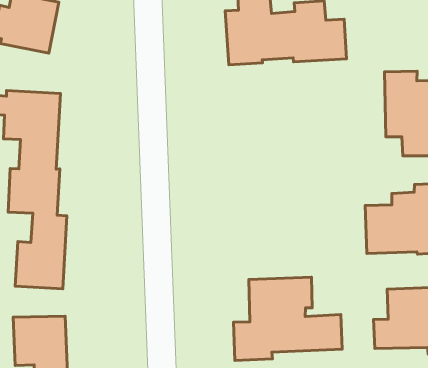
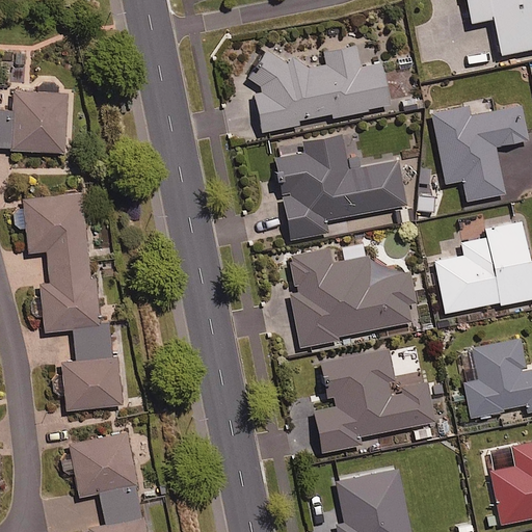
building: none -> [275,135,406,239]
building: none -> [289,248,416,346]

